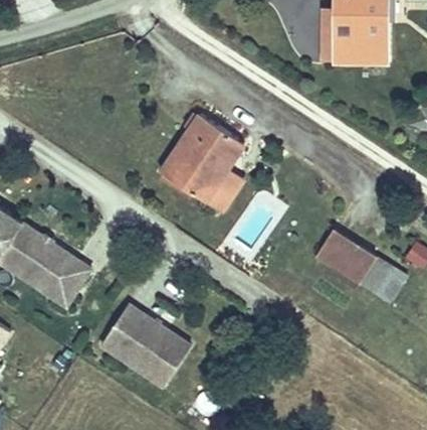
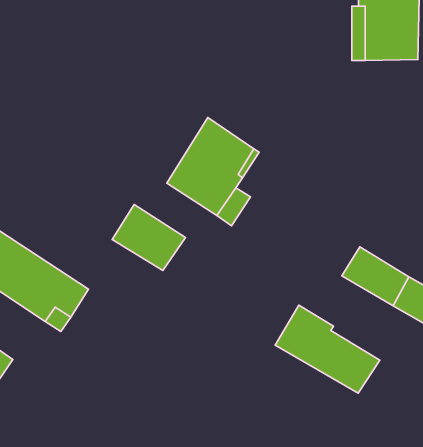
building: none -> [112,204,186,271]
building: none -> [275,305,380,393]
building: [99,303,189,385] -> none

